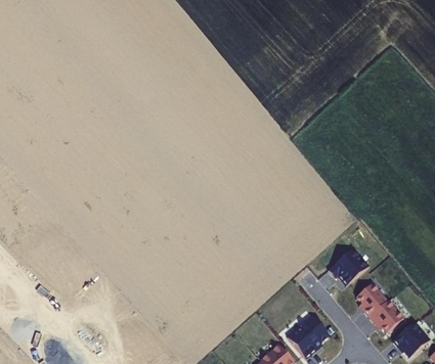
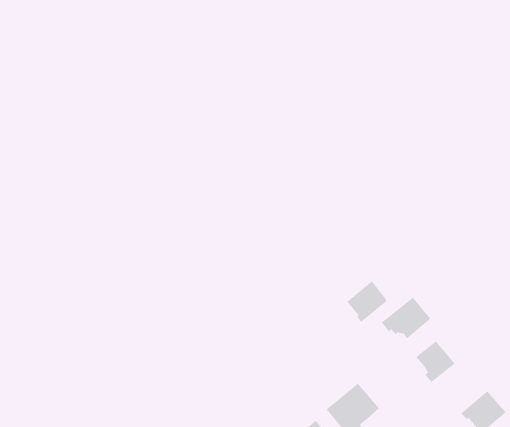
building: none -> [346,281,388,323]
building: [368,301,403,333] -> none

